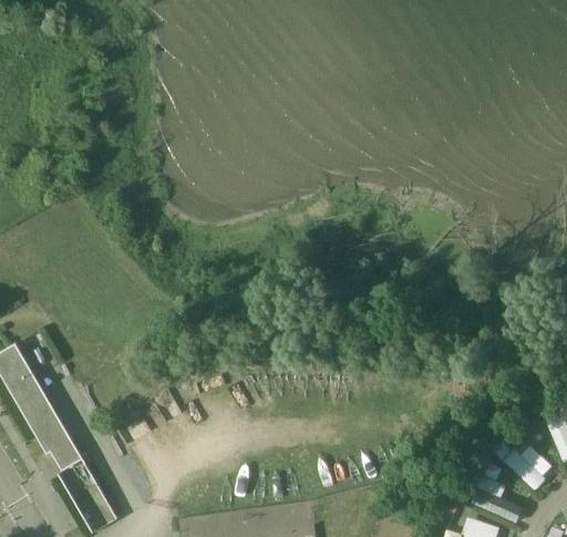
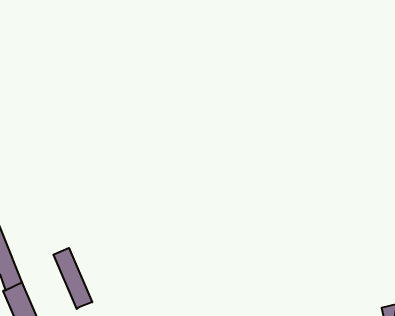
building: none -> [53,248,92,309]

